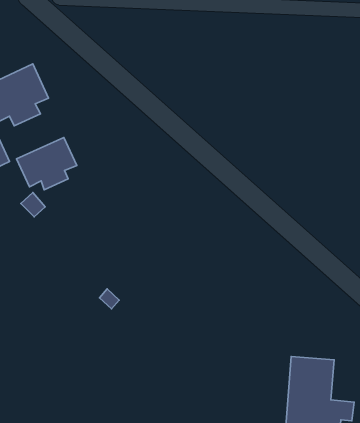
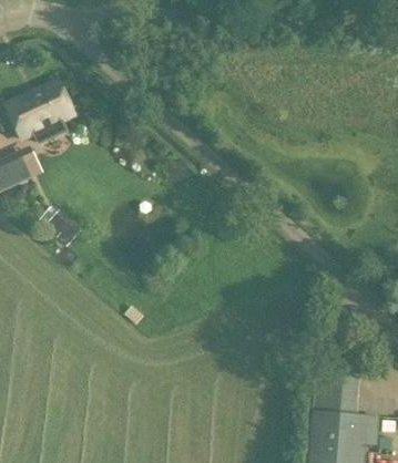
building: [16,137,77,190] -> none

